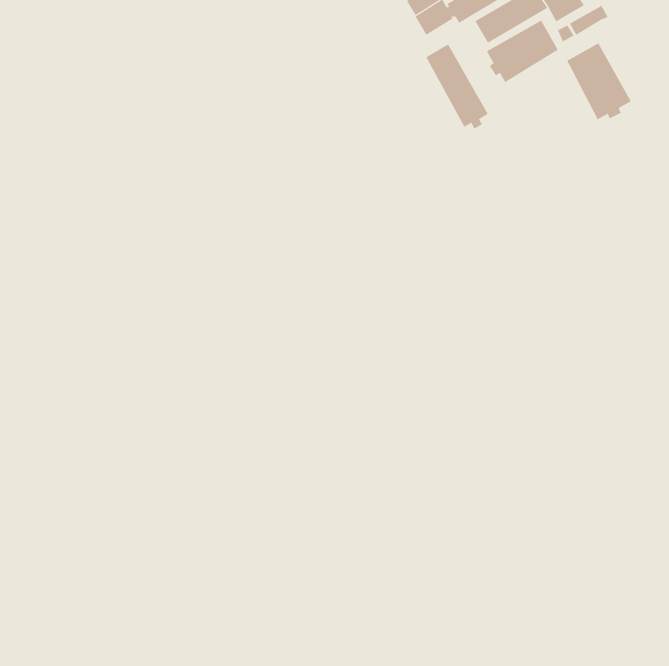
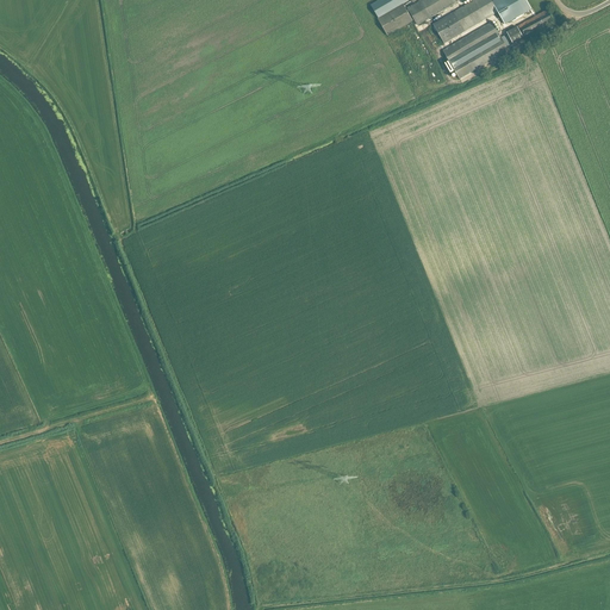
building: [567,42,632,120] -> none
building: [425,44,489,129] -> none

